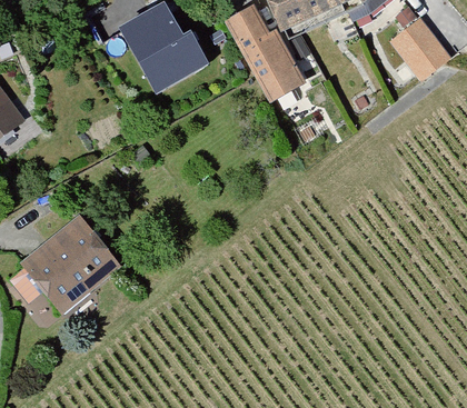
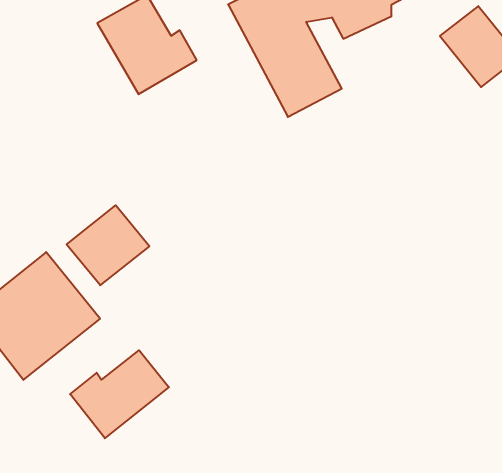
building: none -> [67,205,149,285]
building: none -> [70,350,169,438]

